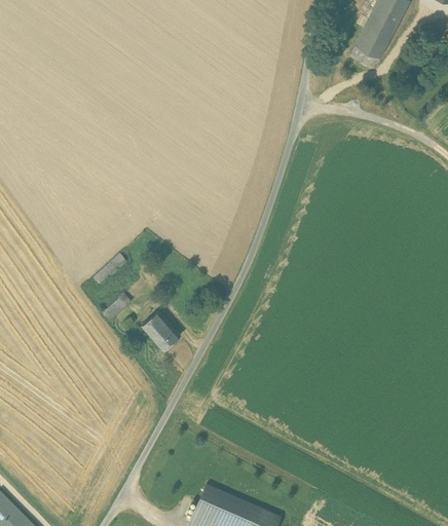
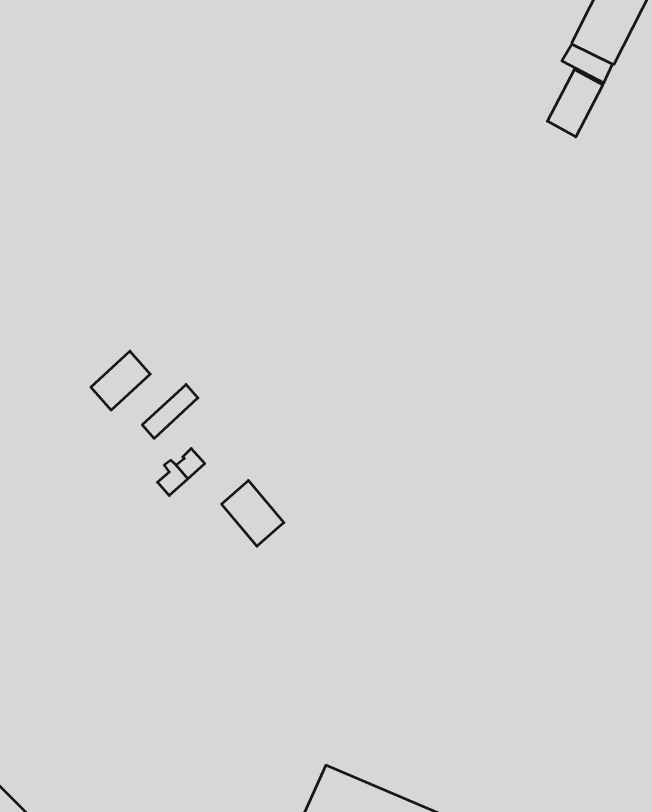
building: none -> [547,69,603,137]
building: none -> [91,351,150,410]

